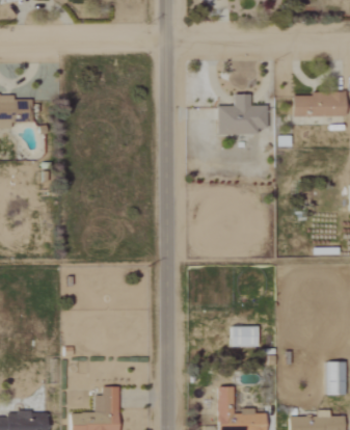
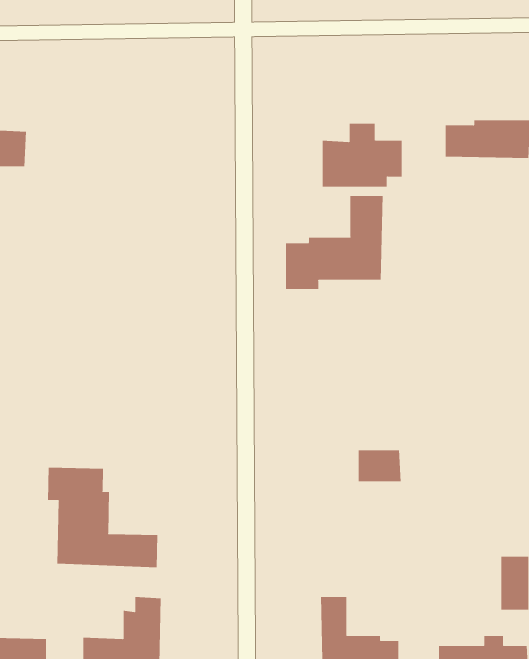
building: none -> [286,195,383,290]
building: none -> [48,467,158,568]
building: [232,326,259,346] -> [358,450,402,482]

